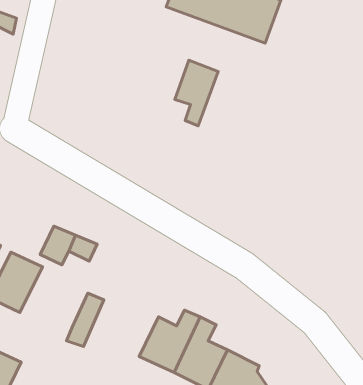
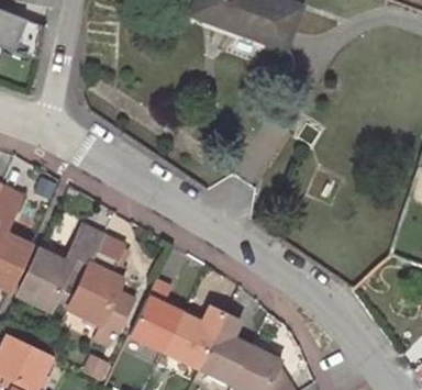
building: [175,60,218,126] -> none
building: none -> [68,264,121,324]
building: none -> [129,280,184,353]

